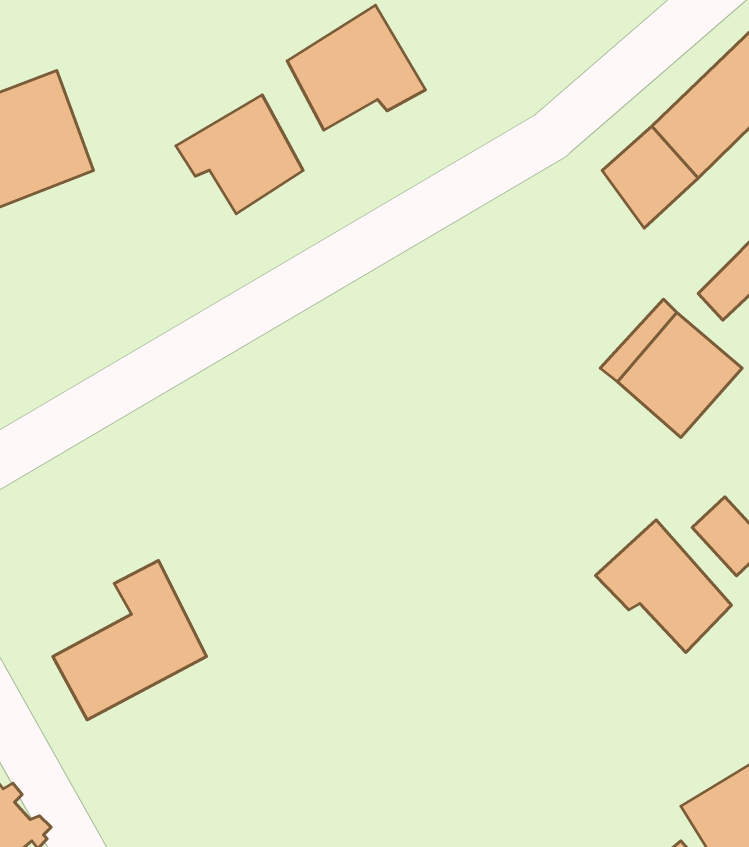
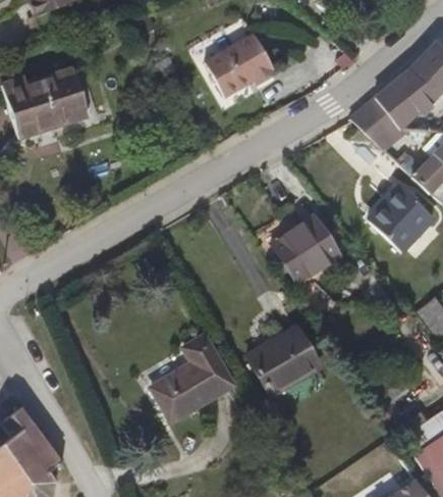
building: [176,95,303,214] -> none
building: none -> [280,214,348,281]
building: [596,520,731,652] -> none
building: [53,561,206,720] -> [155,335,236,419]
building: none -> [251,329,321,394]

